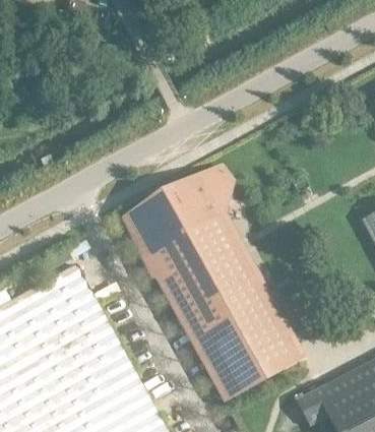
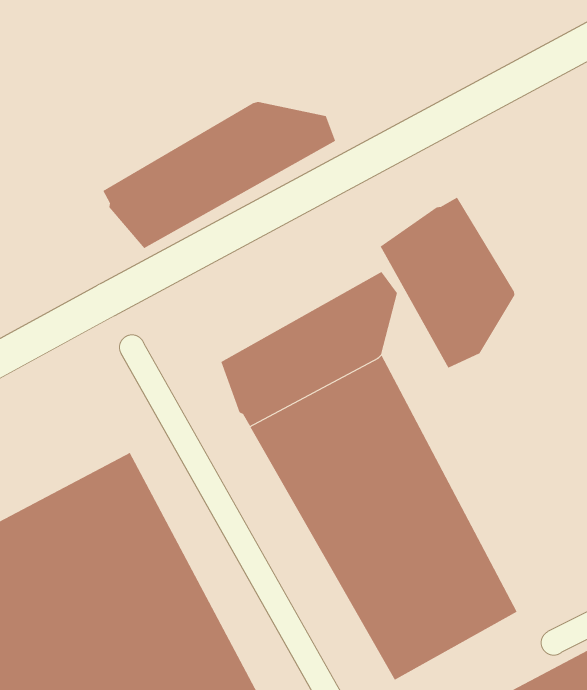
building: none -> [102,101,336,249]
building: none -> [380,197,515,368]

